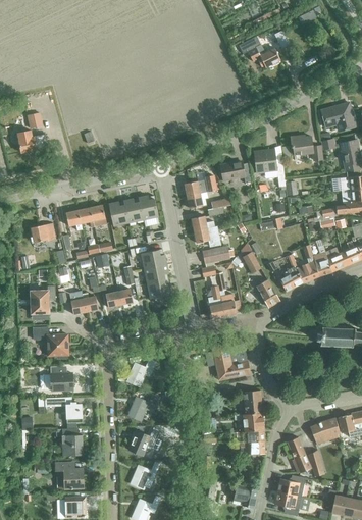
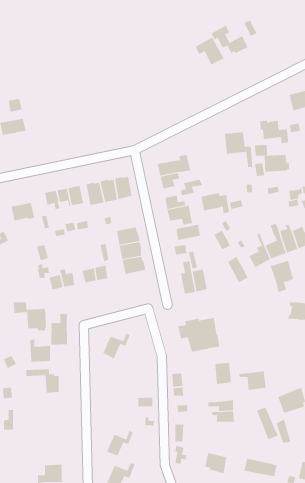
building: none -> [195,37,225,65]
building: [221,161,252,184] -> [201,193,230,214]
building: none -> [254,144,290,173]
building: none -> [270,260,294,293]
building: [31,285,55,314] -> none
building: none -> [51,313,68,346]
building: [127,394,157,421] -> none
building: [235,412,264,432] -> [238,371,266,390]
building: [128,427,159,456] -> none
building: [56,428,84,456] -> none
building: [56,463,83,489] -> none
building: [277,475,305,497] -> none

